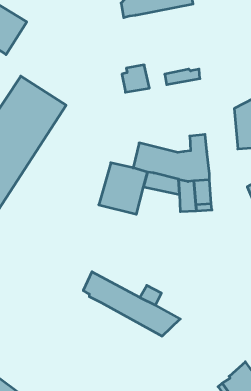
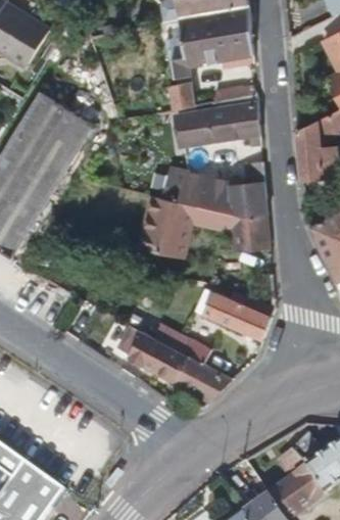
building: none -> [172,6,252,76]
building: none -> [177,103,260,145]
building: none -> [191,290,274,342]

